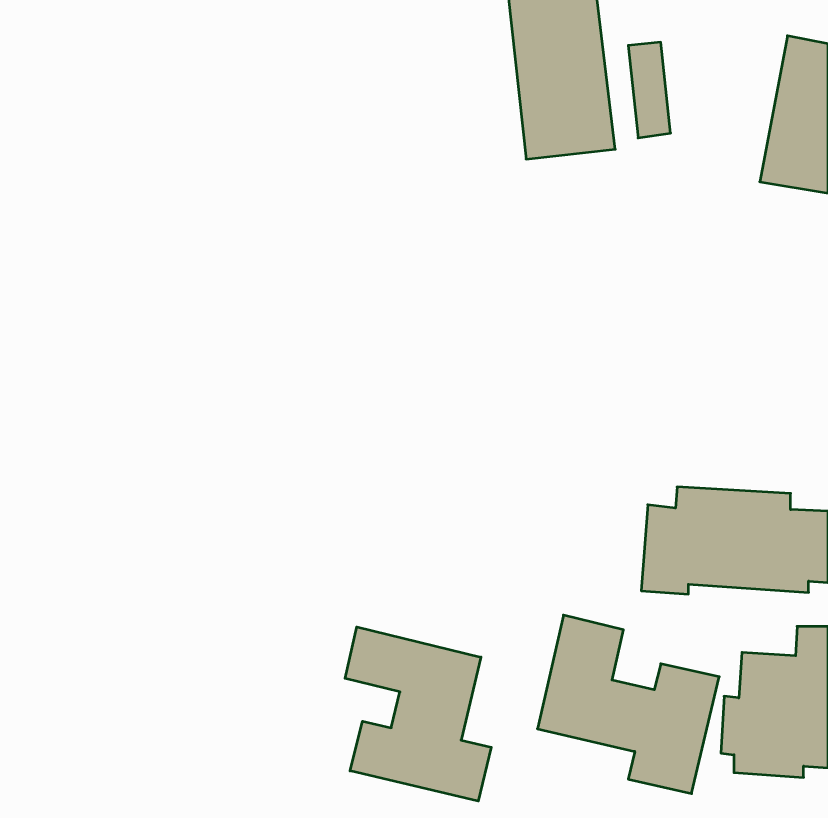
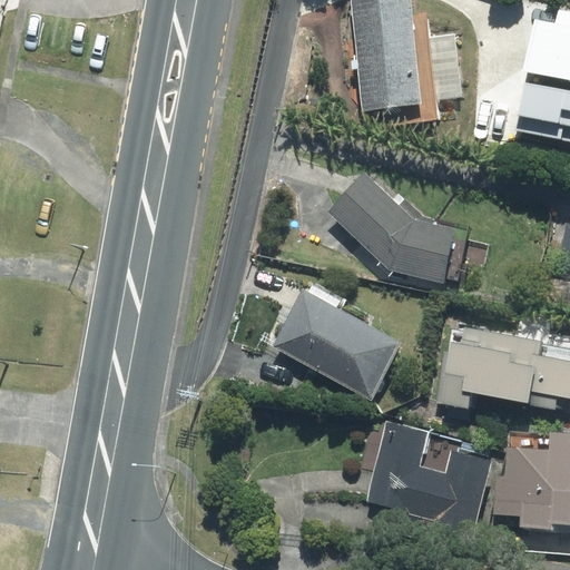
building: none -> [330,173,454,283]
building: none -> [265,279,401,397]
building: [345,627,491,801] -> none

